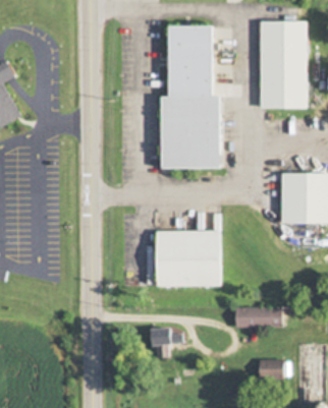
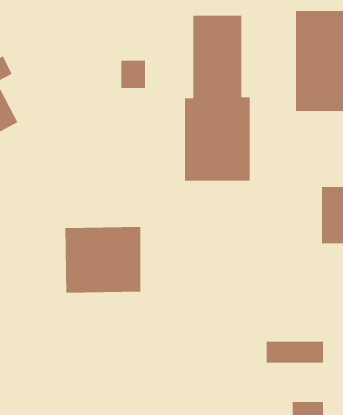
building: none -> [121,60,146,89]
building: [156,229,222,287] -> [64,226,141,293]
building: [152,328,179,357] -> none

